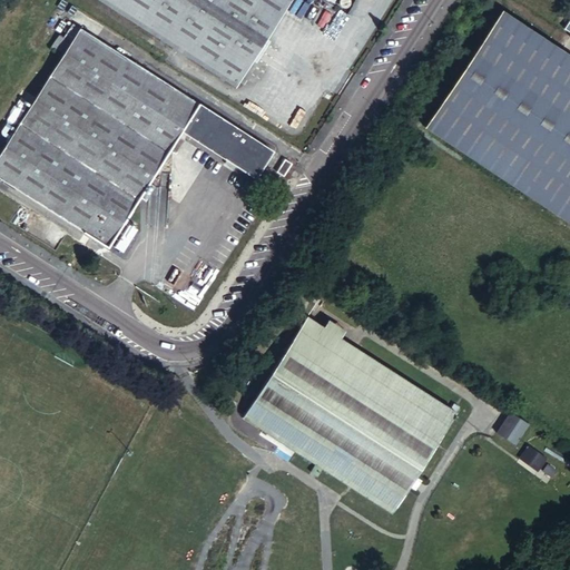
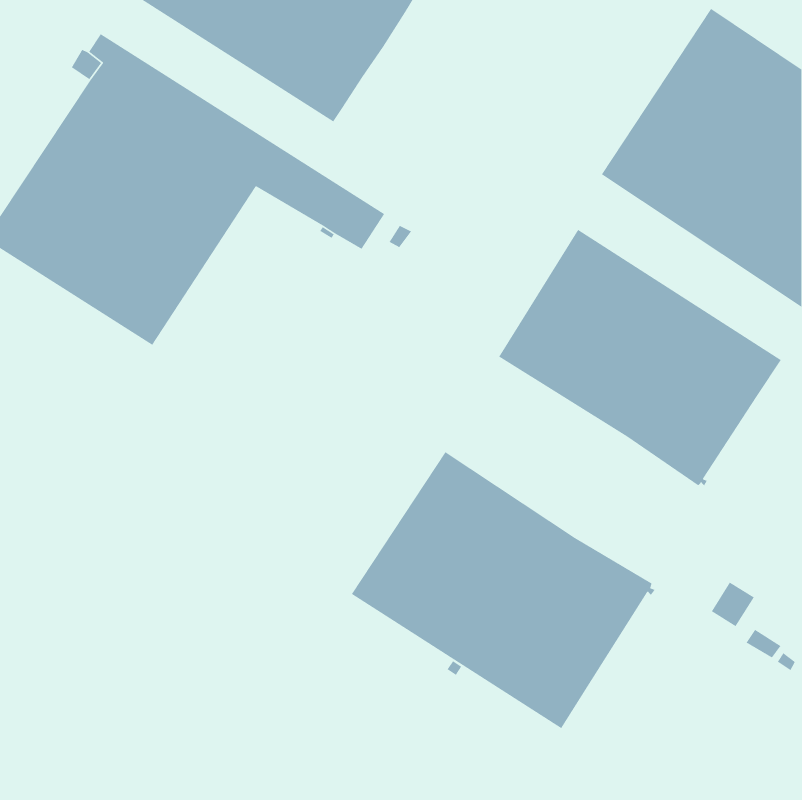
building: none -> [498,229,782,487]

